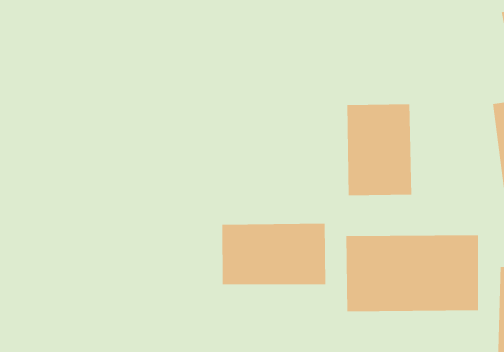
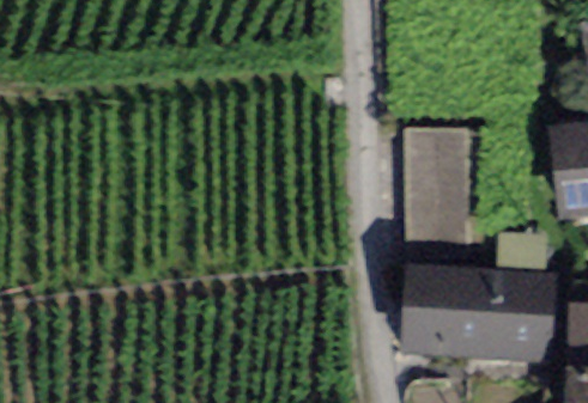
building: [221,223,326,285] -> none

